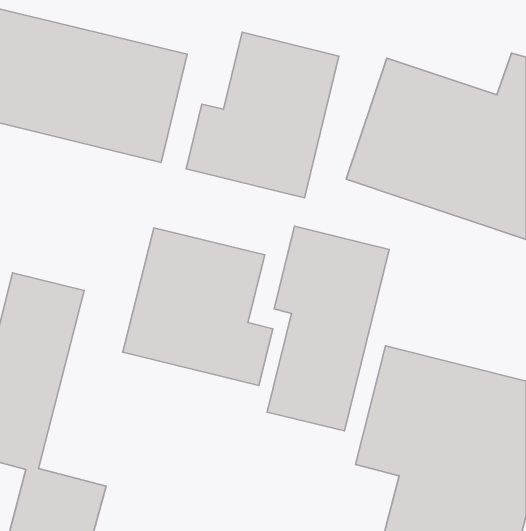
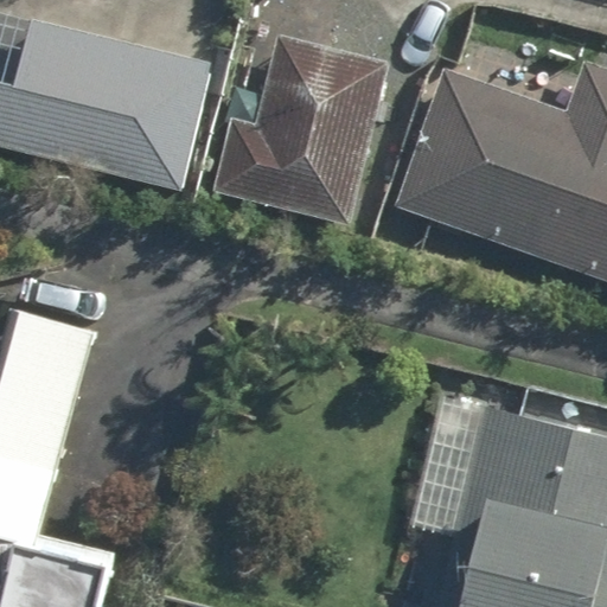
building: [267,226,389,431] -> none
building: [123,228,273,386] -> none

